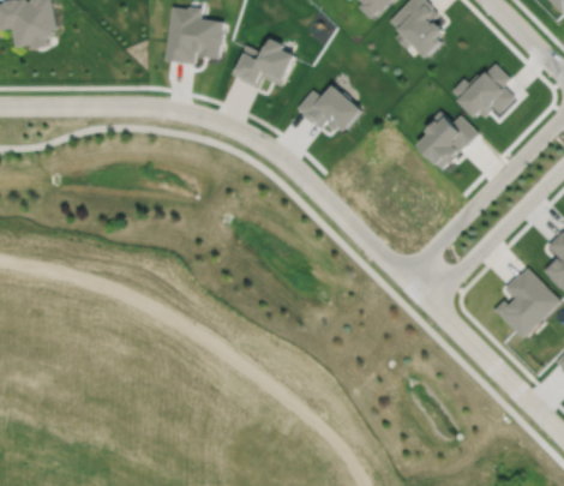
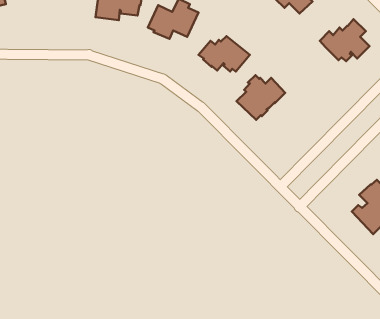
building: [416,110,479,168] -> [237,75,285,120]

